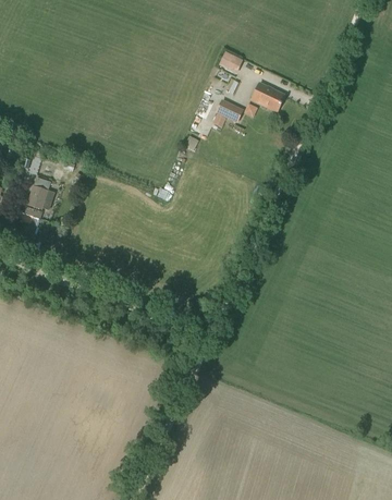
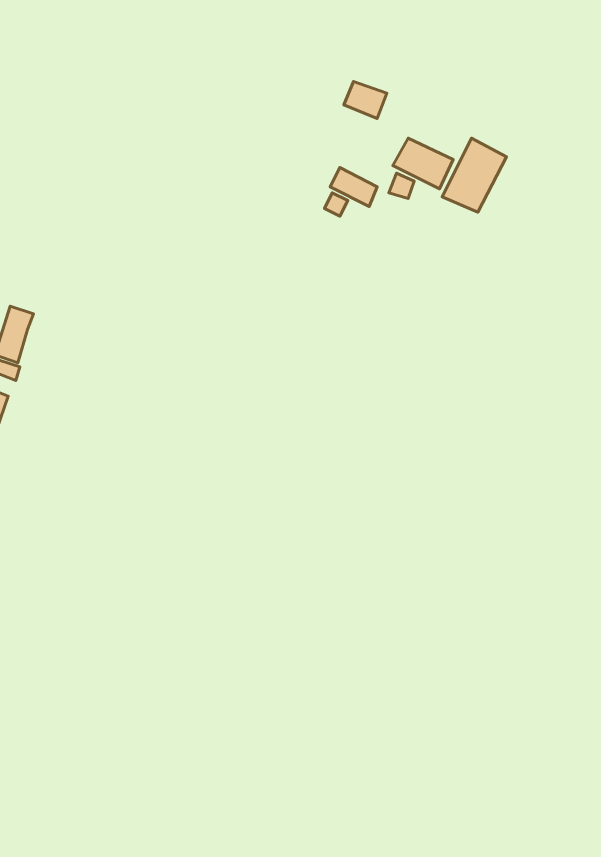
building: none -> [442,138,507,212]

